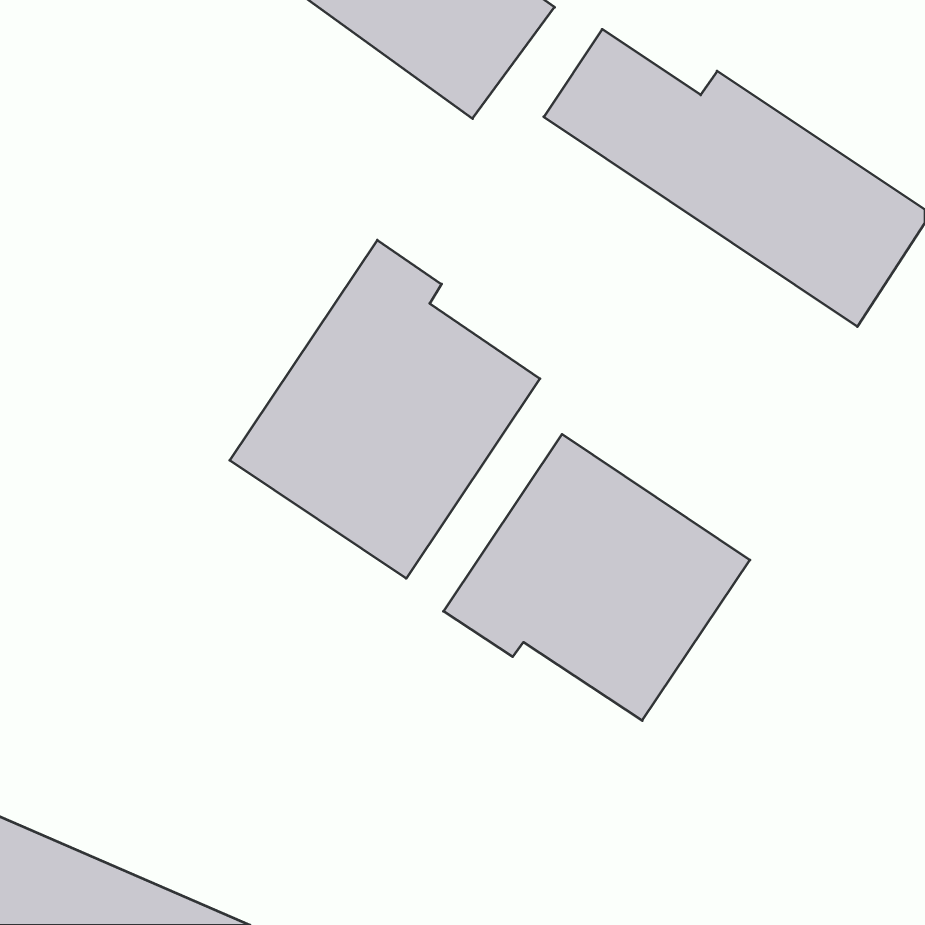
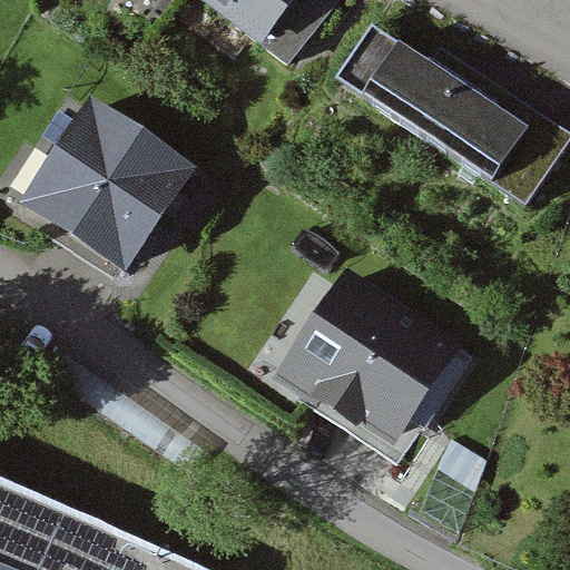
building: none -> [23,109,191,277]
building: [230,240,540,578] -> none

